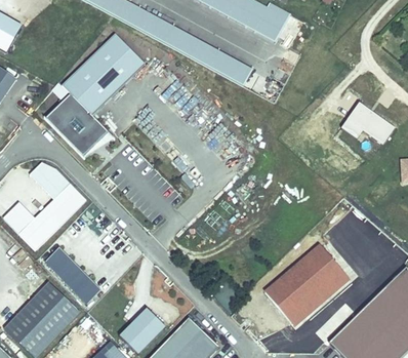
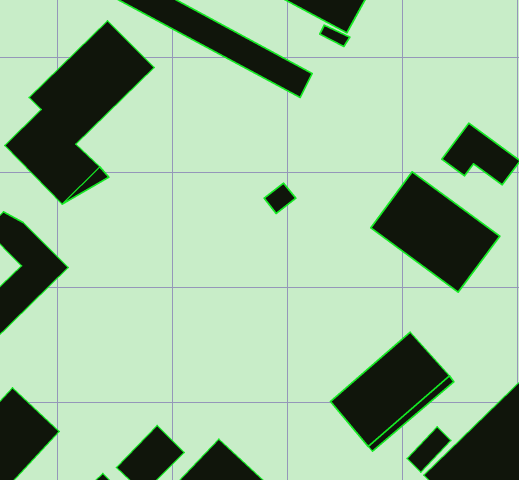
building: none -> [371,172,500,292]
building: [45,247,100,304] -> none

